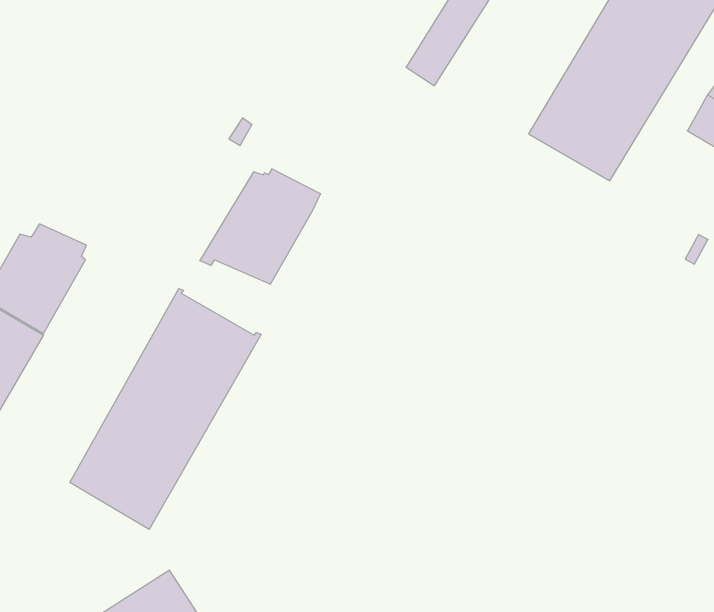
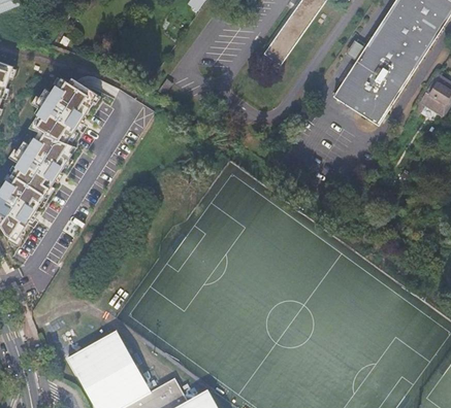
building: [200,169,321,284] -> [34,76,104,141]
building: [70,289,261,529] -> none

